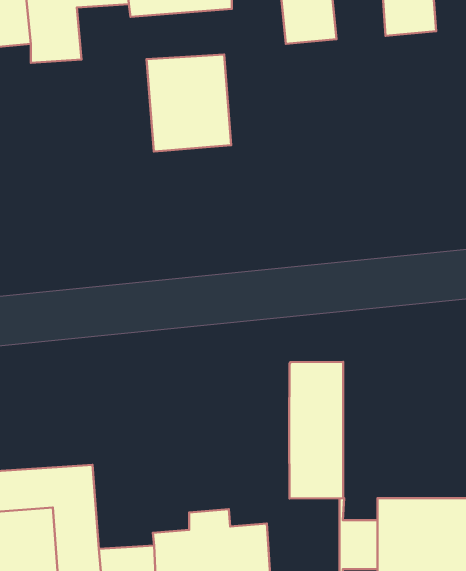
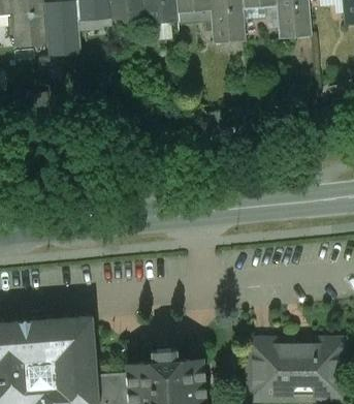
building: [146,55,231,151] -> none
building: [289,362,343,499] -> none

